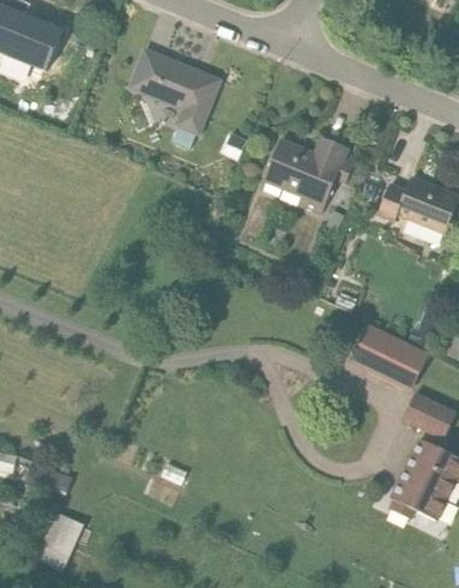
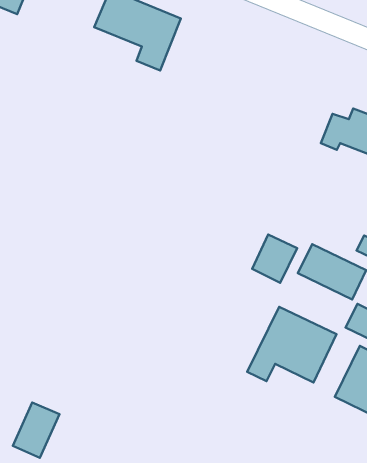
building: [262,137,356,215] -> none
building: none -> [252,235,297,283]
building: none -> [247,307,336,383]

